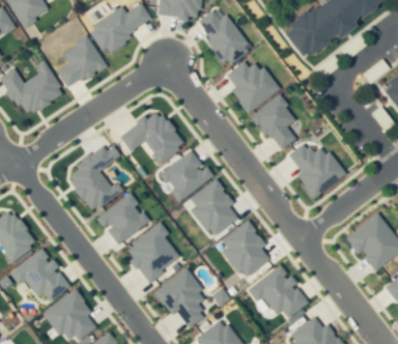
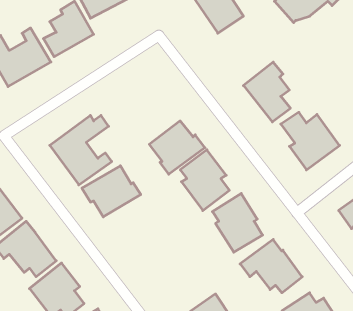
building: [229,57,281,114] -> none
building: [119,109,184,164] -> none
building: [124,223,181,283] -> none
building: [155,269,208,329] -> none

